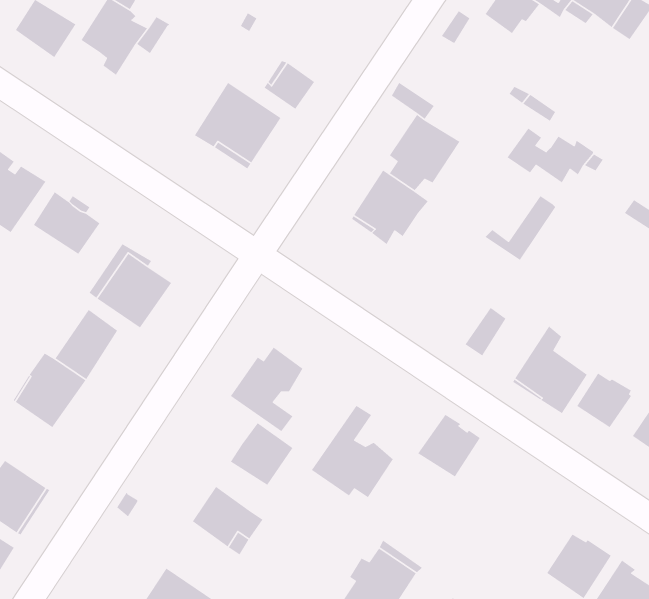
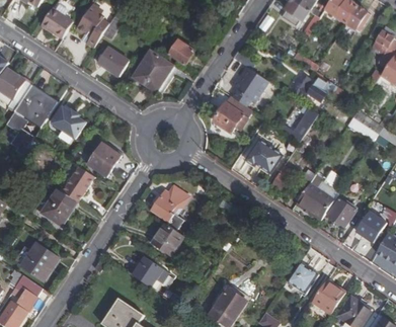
building: none -> [96,47,129,76]
building: none -> [245,140,282,173]
building: [311,405,394,498] -> none
building: [417,414,481,478] -> [286,261,318,294]

